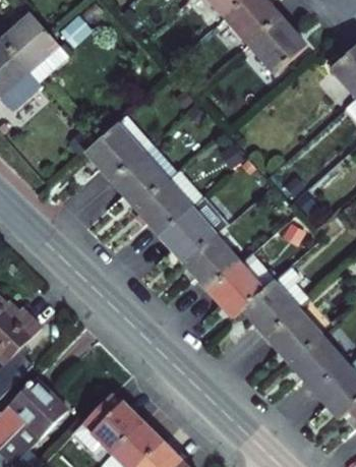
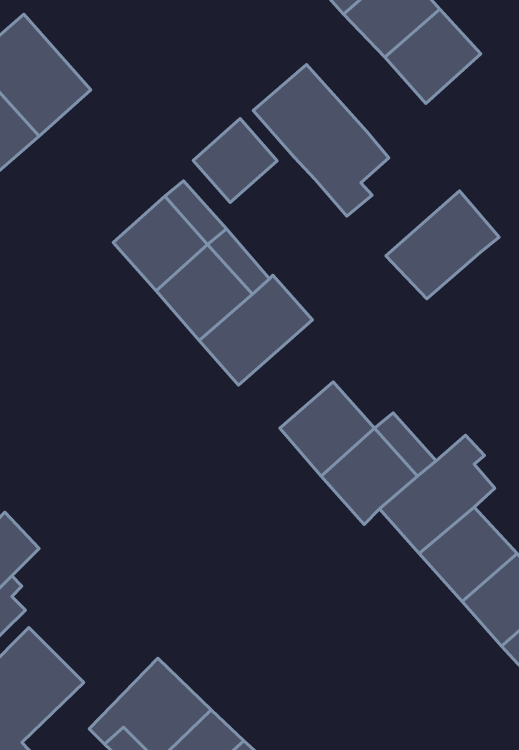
building: none -> [253,65,389,216]
building: none -> [193,119,277,203]
building: [158,195,225,259] -> [386,191,499,299]

